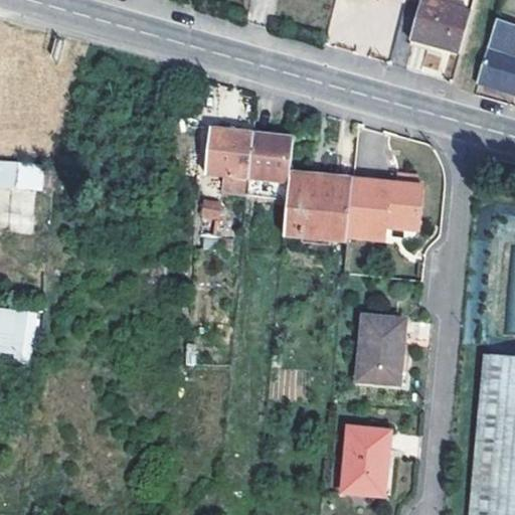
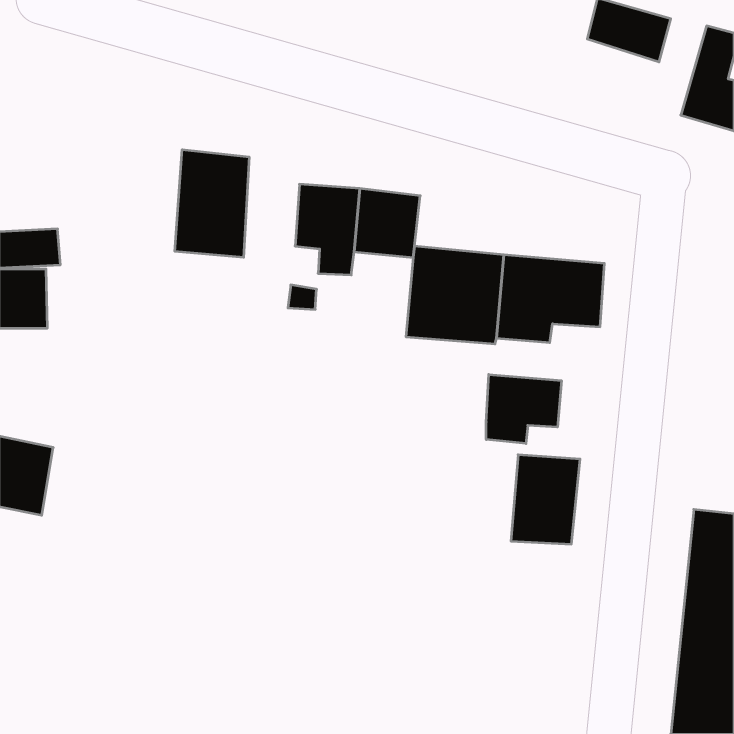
building: none -> [175,150,249,257]
building: none -> [486,374,561,444]
building: [341,431,389,499] -> none

